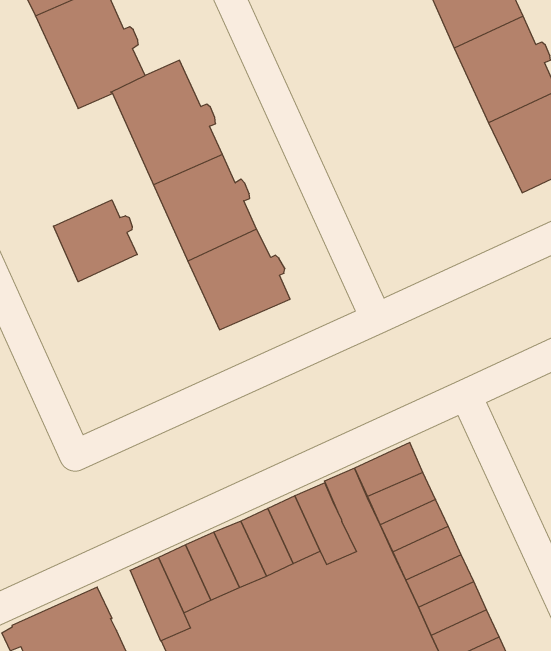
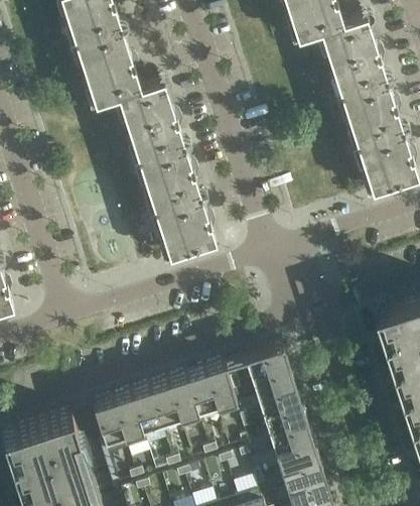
building: [53,200,137,282] -> none

